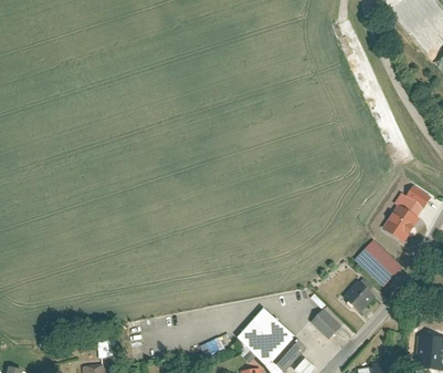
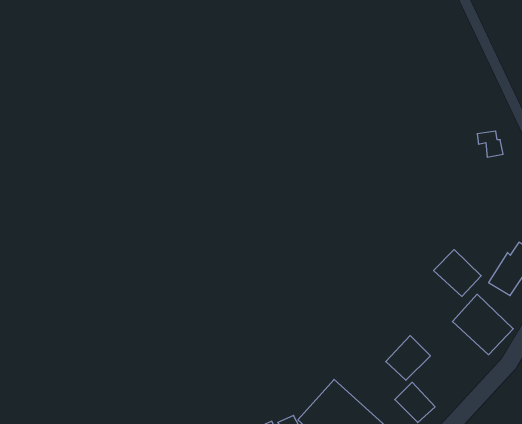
building: none -> [434,250,481,296]
building: [341,278,376,312] -> [386,336,430,380]

